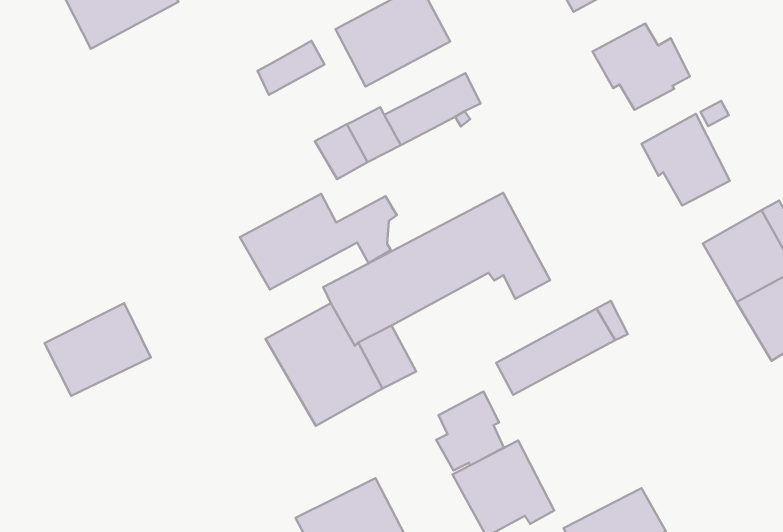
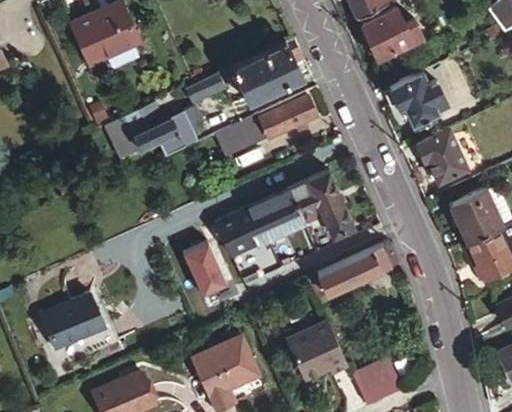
building: [240,194,397,290] -> [105,100,201,156]
building: [44,303,151,396] -> [39,294,103,348]
building: [436,392,504,471] -> none

